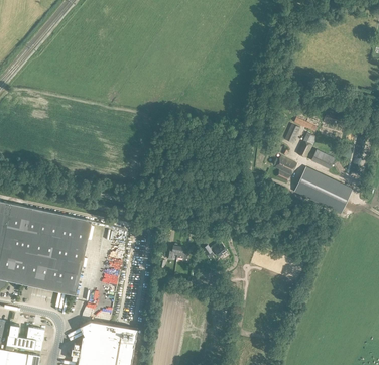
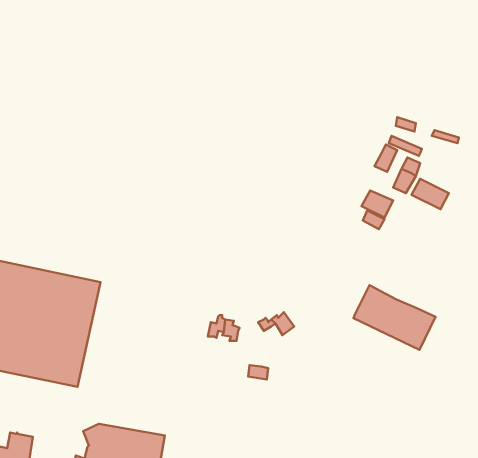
building: [294,167,352,213] -> [354,285,435,350]

